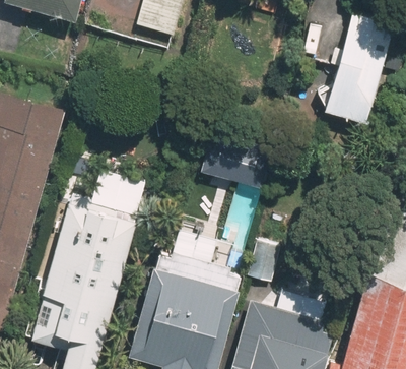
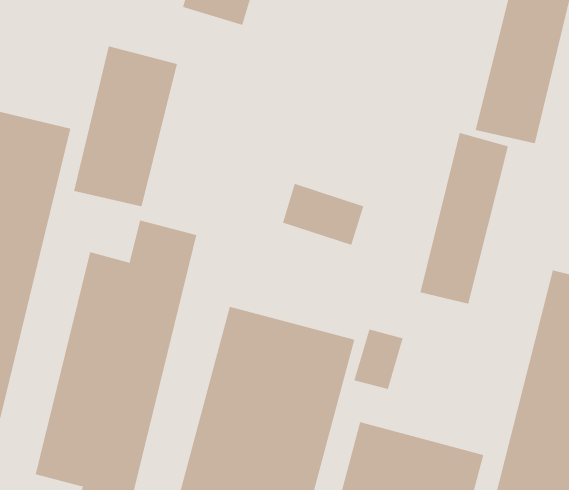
building: none -> [74,46,178,207]
building: none -> [420,132,509,304]

